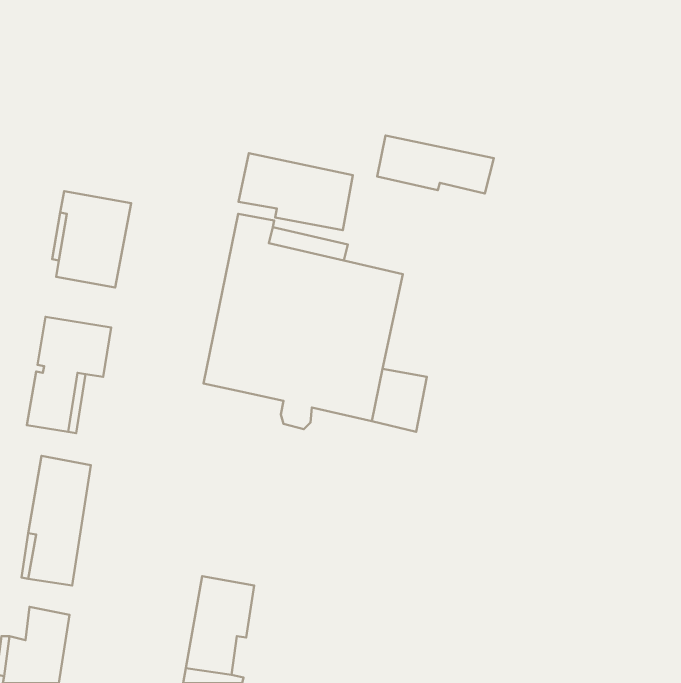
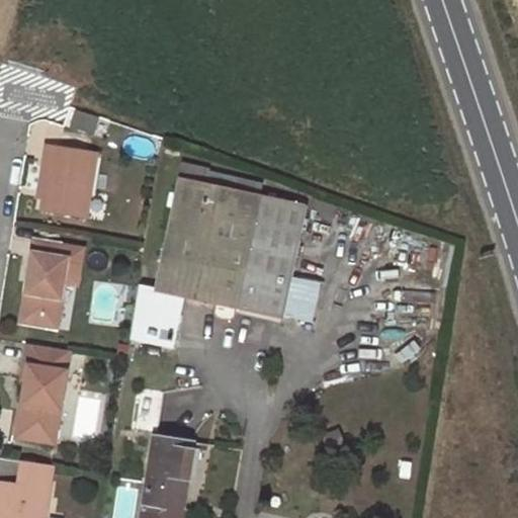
building: [377,136,494,193] -> none
building: [238,153,353,230] -> none
building: none -> [131,287,182,342]

